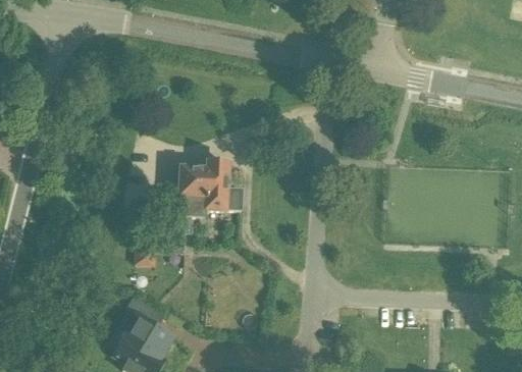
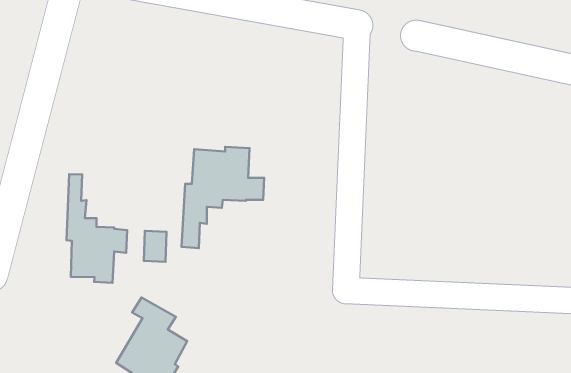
building: none -> [67,174,127,283]

